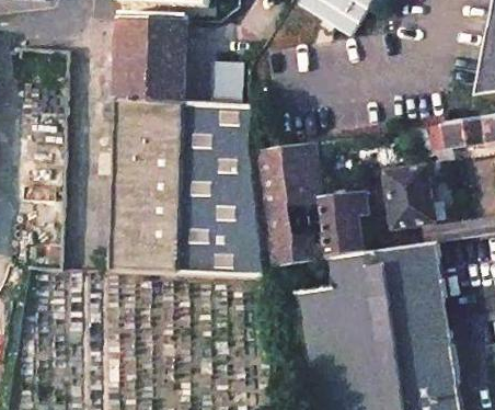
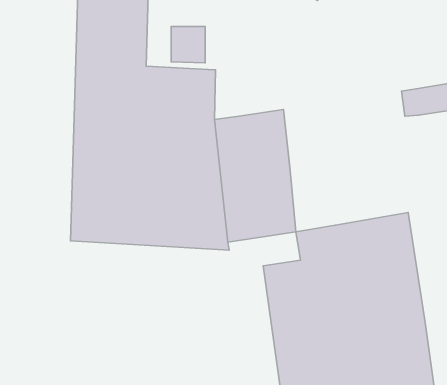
building: [388,168,436,228] -> none
building: [324,194,371,260] -> none

